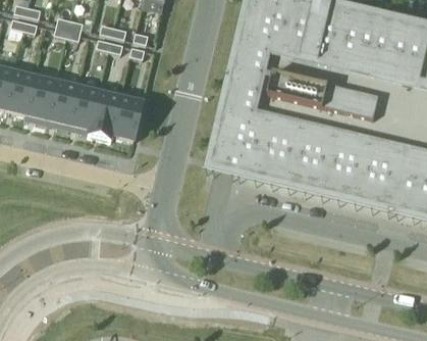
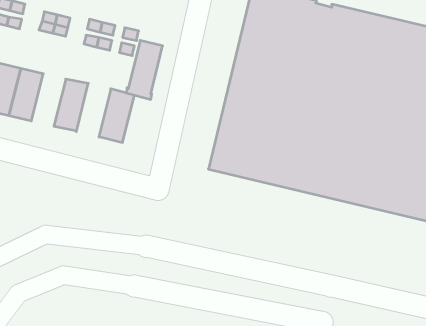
building: [45,74,77,124] -> none
building: [86,83,120,139] -> [126,40,163,99]

